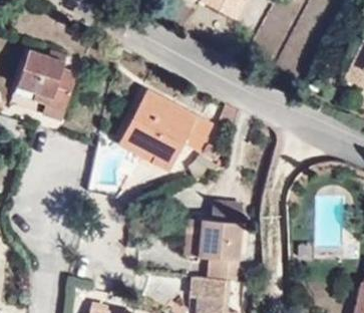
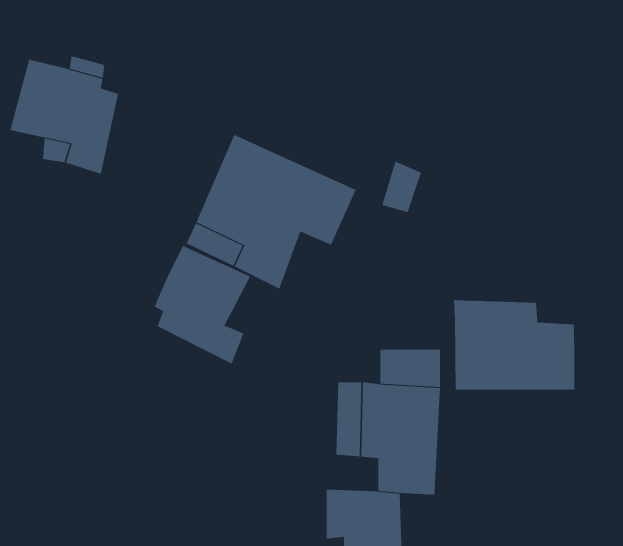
building: none -> [154,245,251,364]
building: none -> [453,300,575,390]

